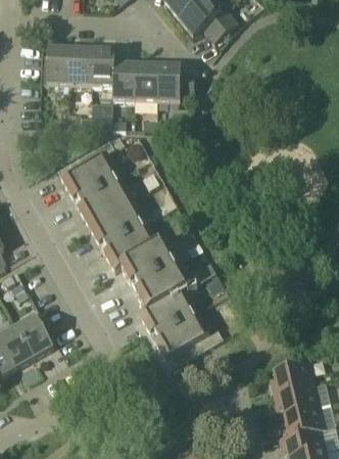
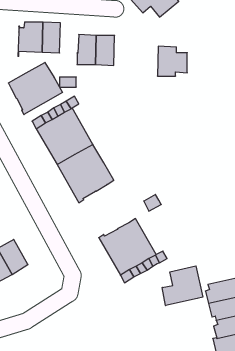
building: [92,49,116,86] -> none
building: [158,64,195,101] -> [157,46,187,76]
building: none -> [8,62,62,115]
building: [120,239,191,311] -> none
building: none -> [162,266,203,306]

